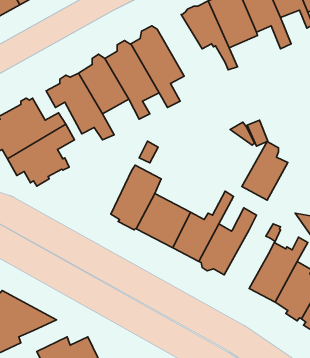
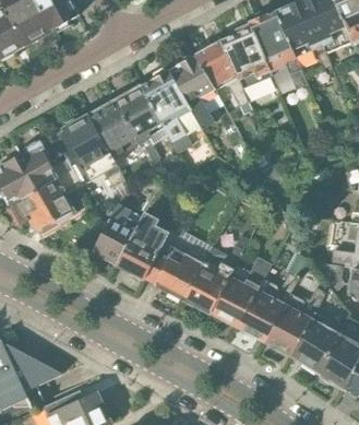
building: none -> [169,54,218,130]
building: [242,141,288,200] -> [239,280,287,341]
building: none -> [95,193,143,263]

